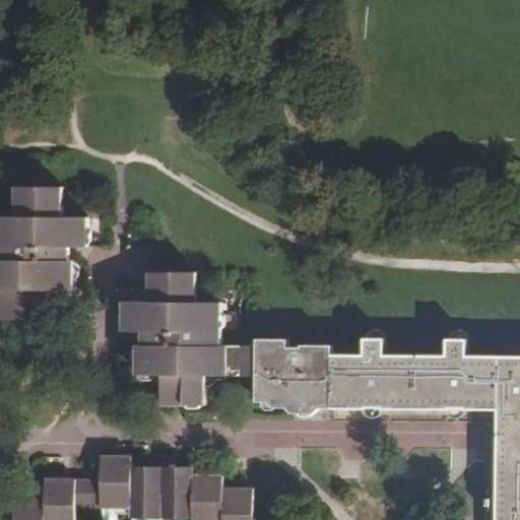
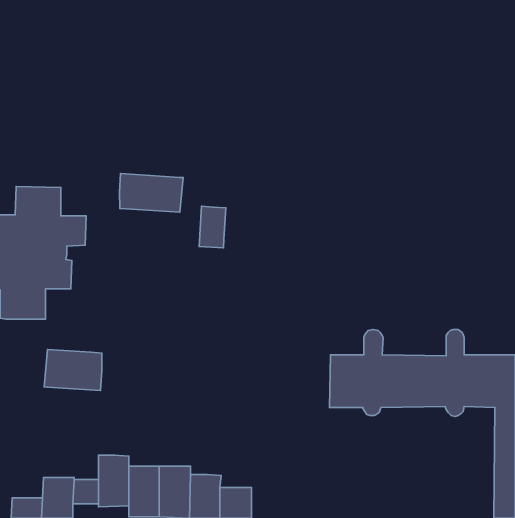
building: none -> [119,174,183,212]
building: none -> [199,206,226,248]
building: [122,271,331,413] -> none
building: none -> [44,350,102,390]

